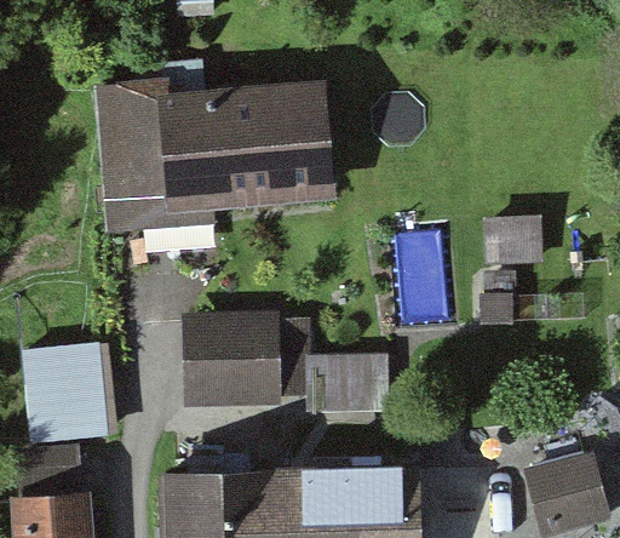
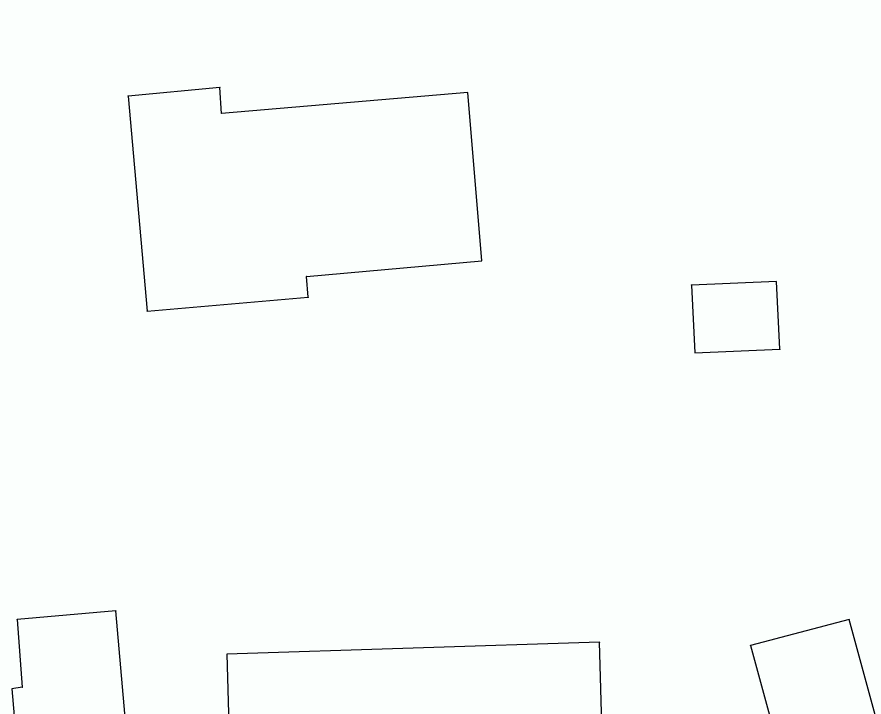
building: [183,311,391,412] -> none
building: [21,342,110,442] -> none

